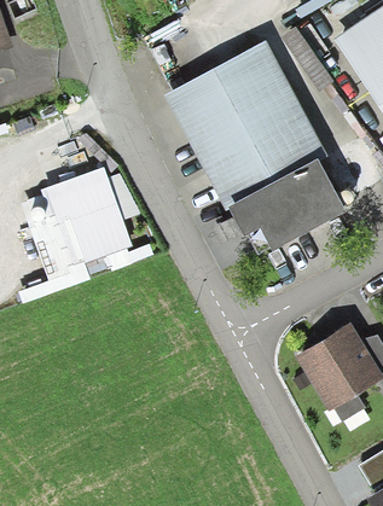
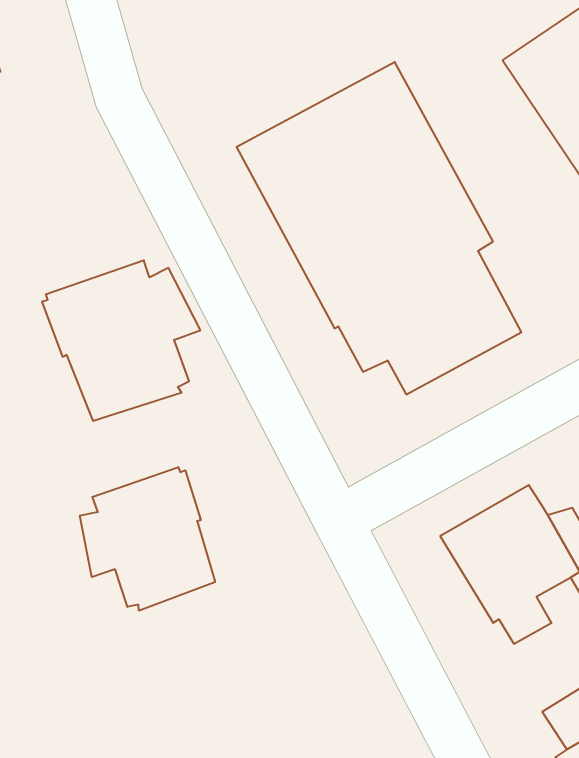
building: none -> [80,467,215,611]

